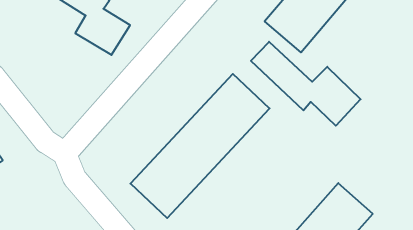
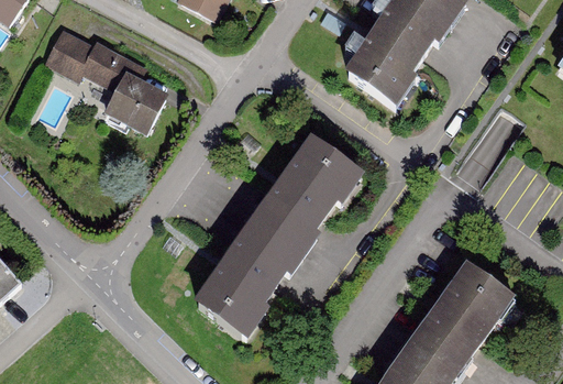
building: [251,42,361,126] -> none

